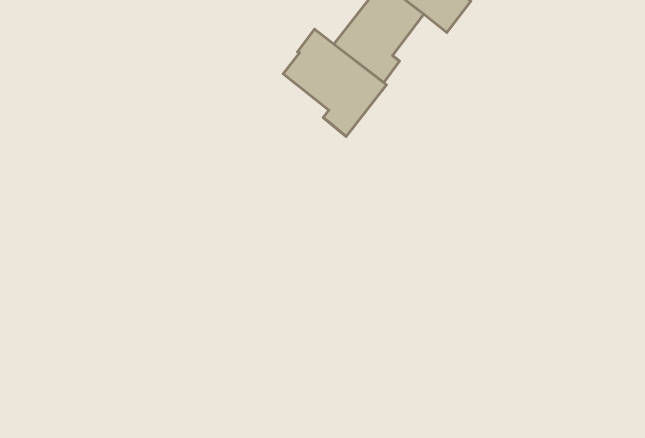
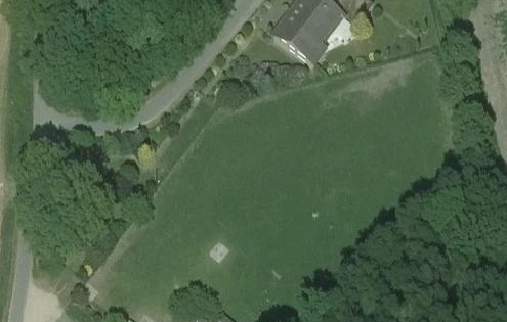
building: [283,29,387,136] -> none

